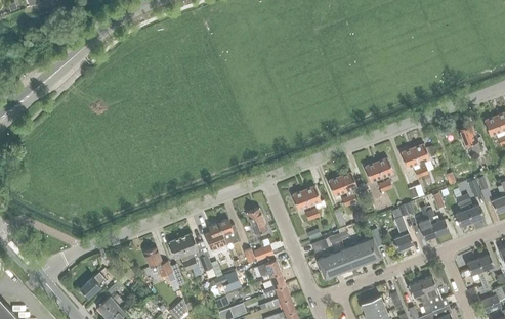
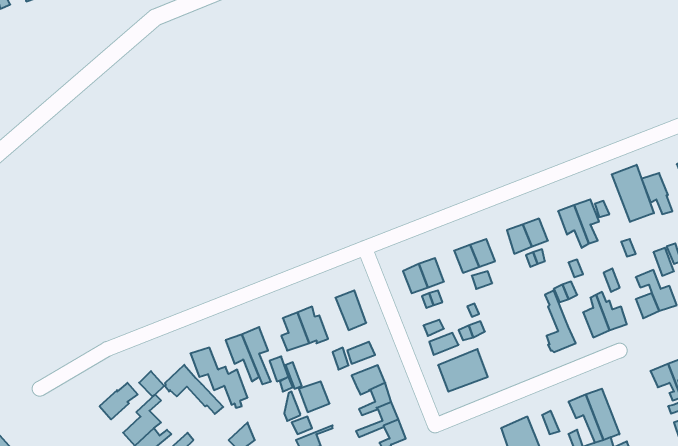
building: none -> [612,165,654,222]
building: [344,228,382,268] -> none
building: none -> [165,365,223,414]

